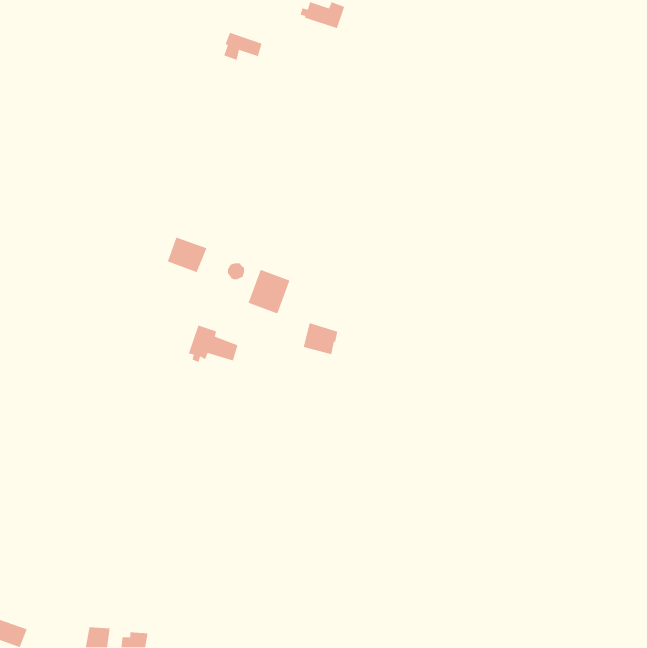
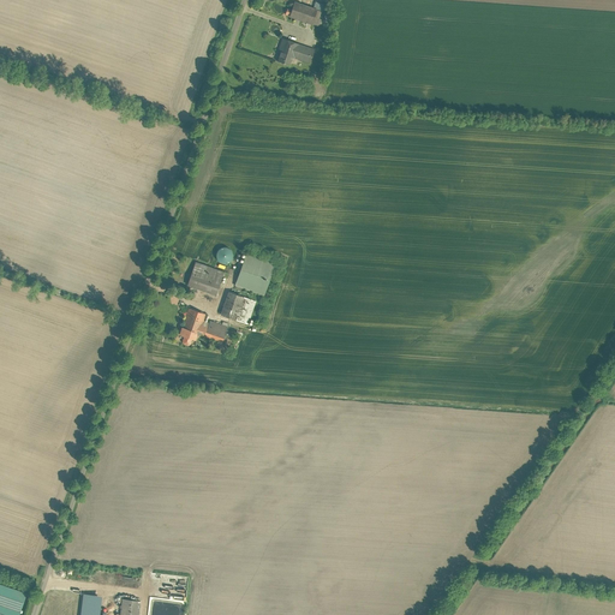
building: [223,32,262,61] -> [275,38,312,66]
building: [167,236,207,273] -> [186,262,225,297]
building: [303,322,338,355] -> [222,291,256,322]

